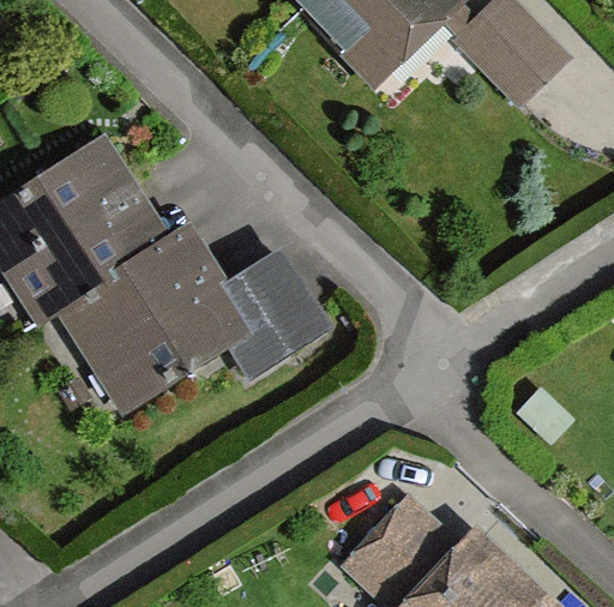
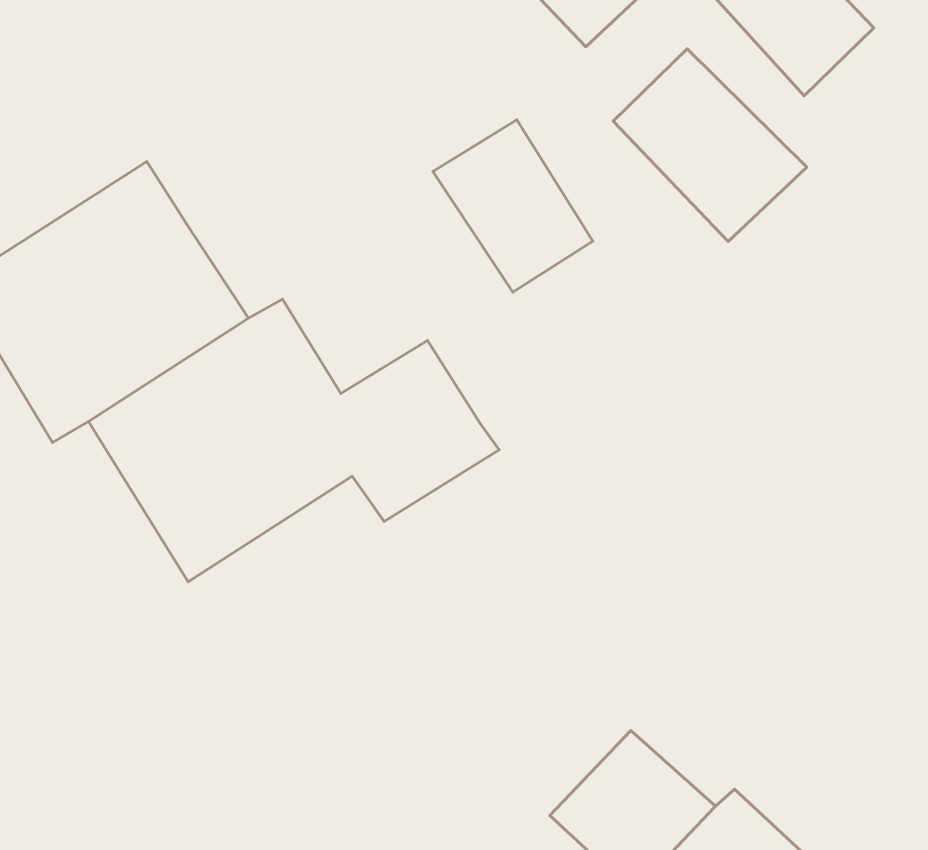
building: none -> [613,49,807,241]
building: none -> [433,120,593,292]

